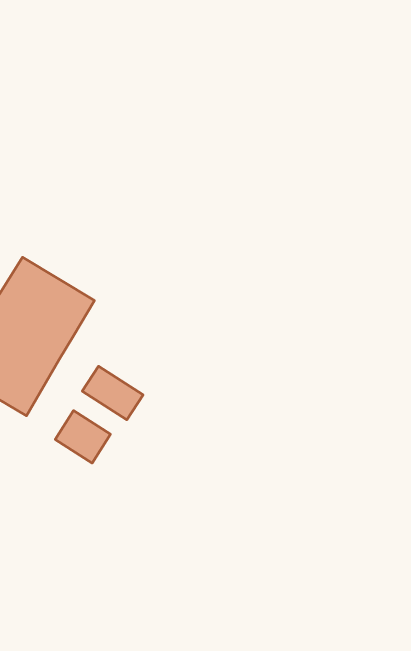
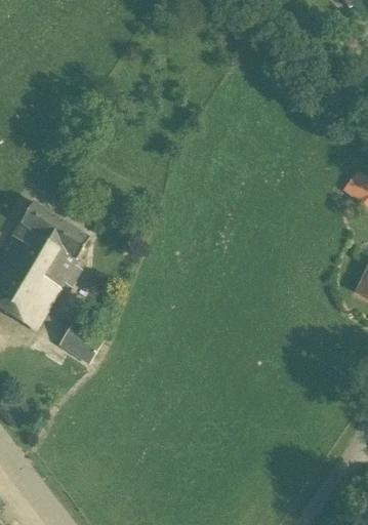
building: [82,366,143,420] -> none

